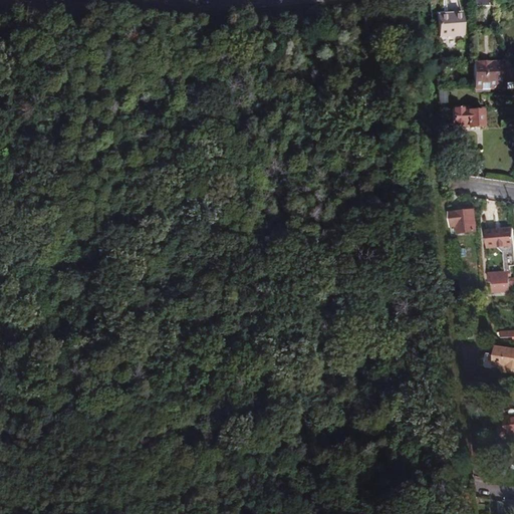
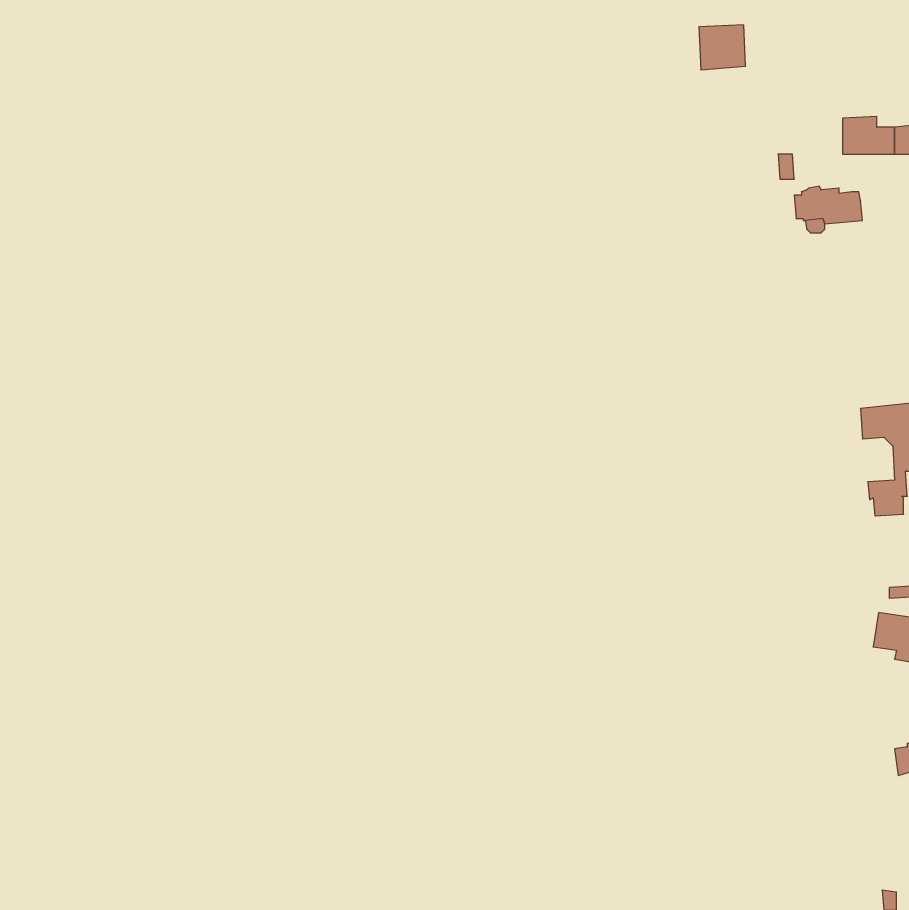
building: [439,11,465,36] -> [699,25,746,70]
building: [450,207,477,233] -> none

